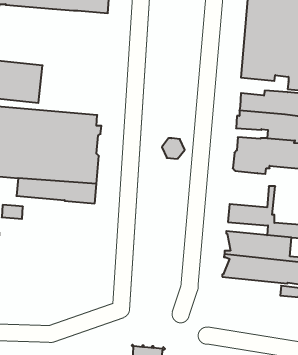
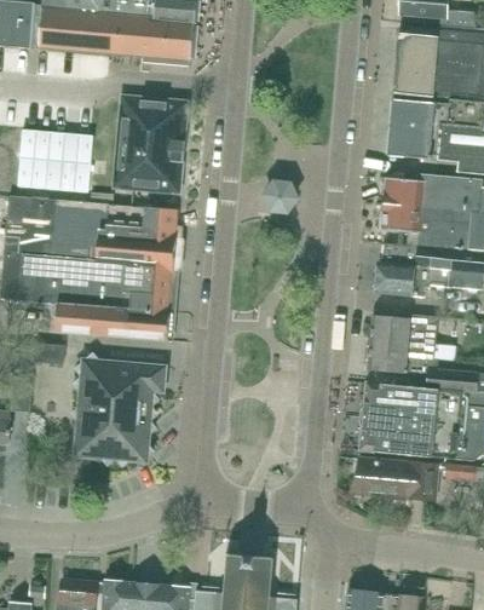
building: none -> [113,94,188,192]
building: [162,138,185,159] -> [264,182,298,212]
building: none -> [370,313,428,347]
building: none -> [74,359,162,462]
building: none -> [356,459,436,500]

